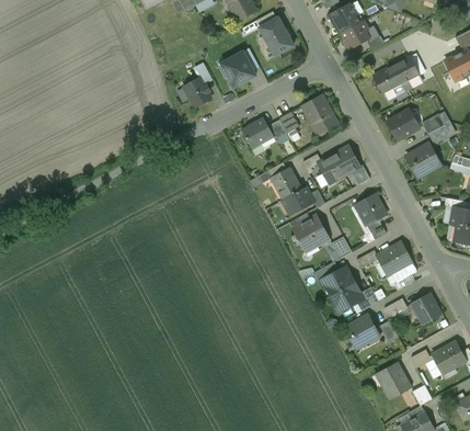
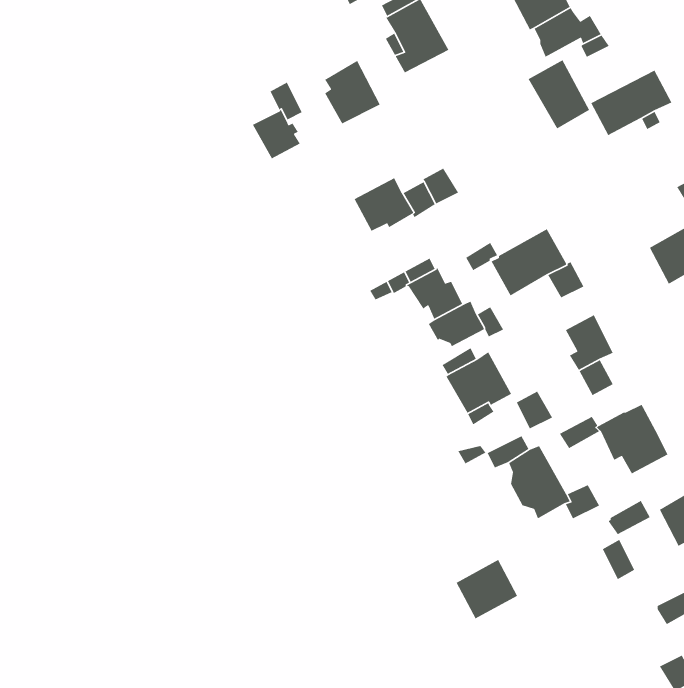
building: [302,95,337,135] -> [528,59,590,130]
building: [387,109,420,140] -> none
building: [345,315,380,349] -> [455,559,518,620]
building: [376,362,411,399] -> none

